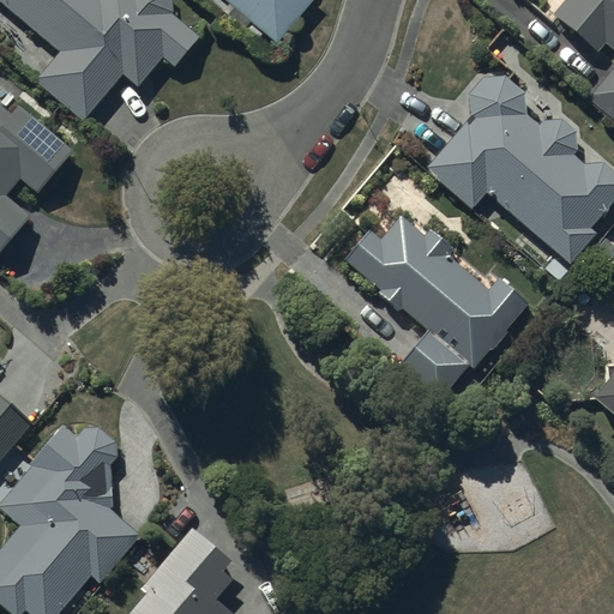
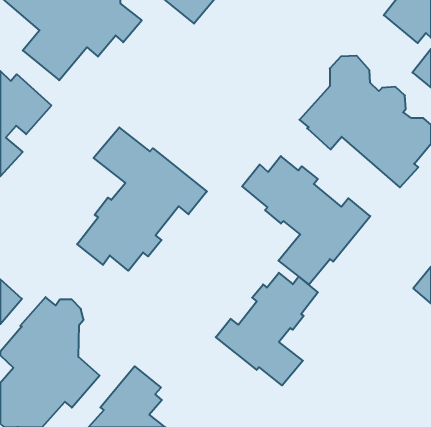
building: none -> [77,127,207,271]
building: none -> [216,273,318,385]

